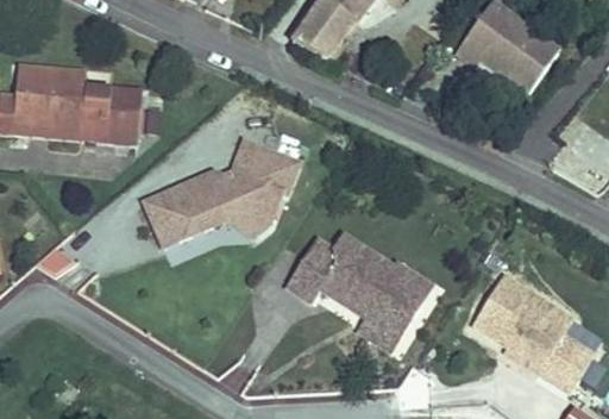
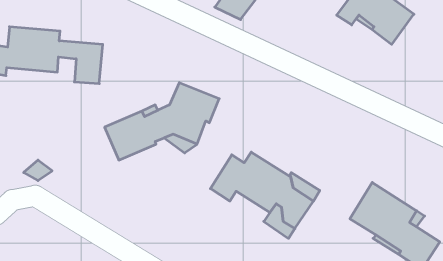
building: [12,107,106,140] -> none

